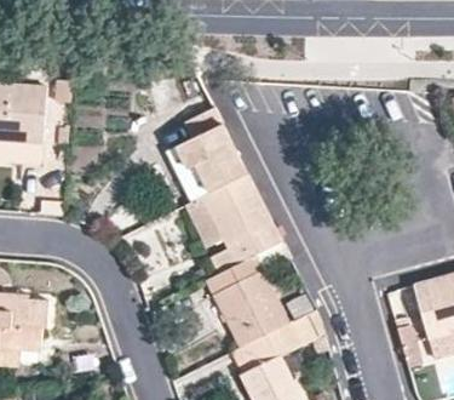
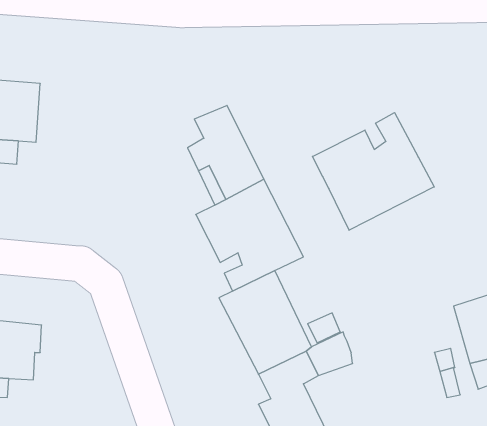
building: none -> [312,113,434,230]

